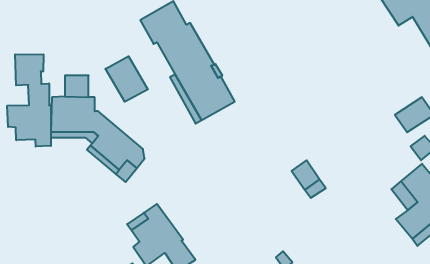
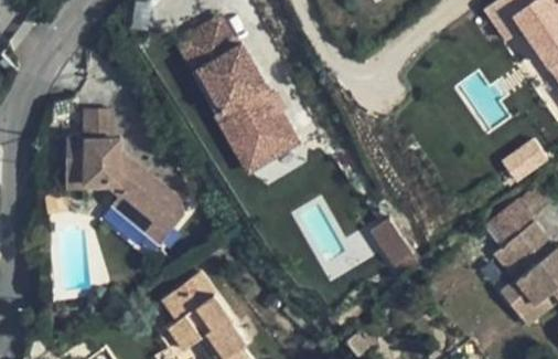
building: [7,54,51,147] -> none
building: [105,56,148,102] -> none
building: none -> [484,200,534,249]

